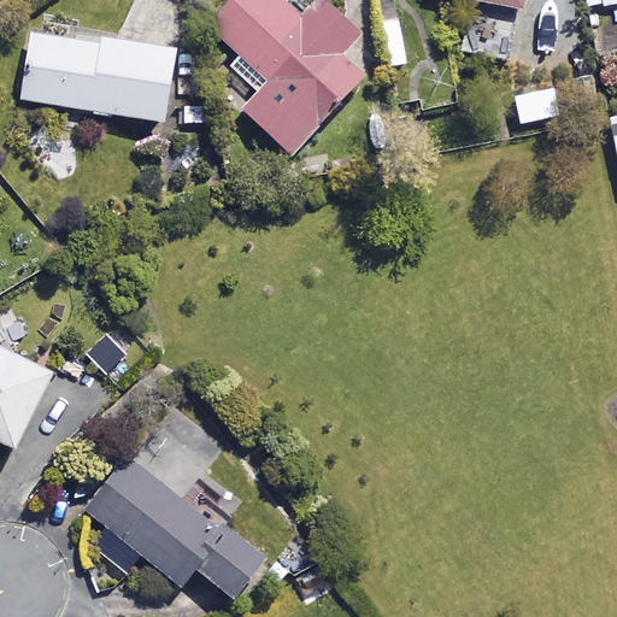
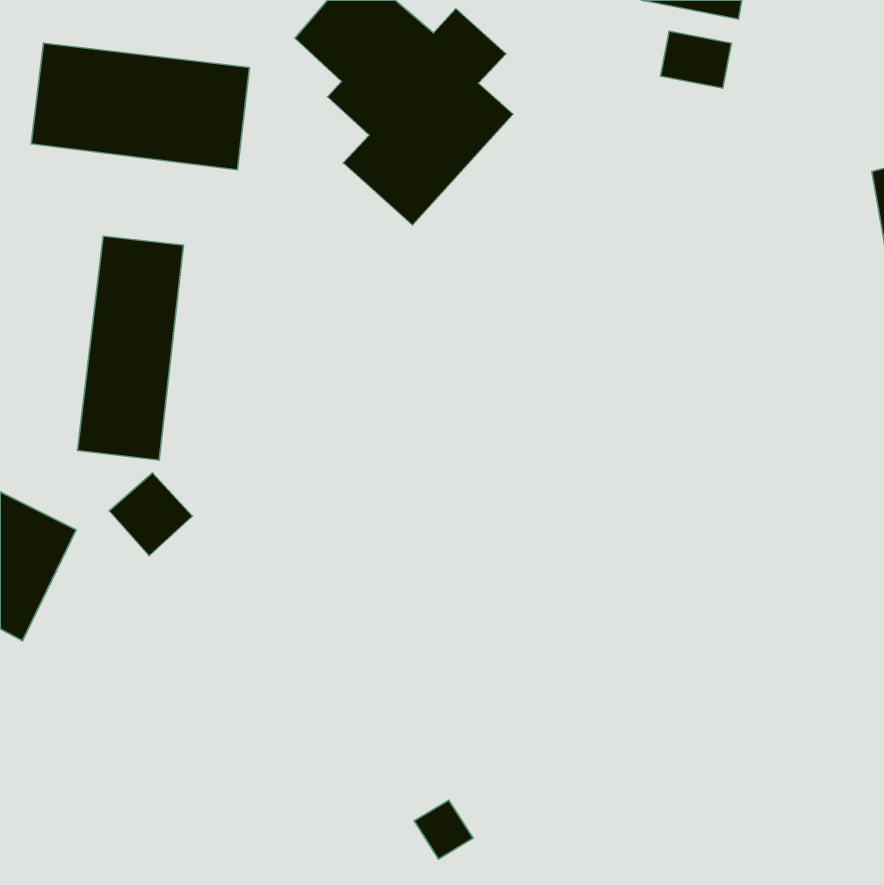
building: none -> [78,236,184,460]
building: [88,456,266,593] -> none

